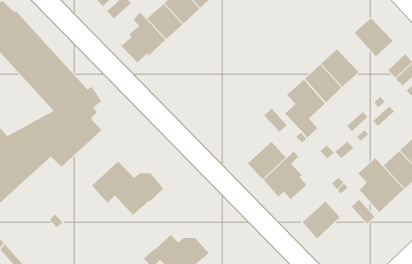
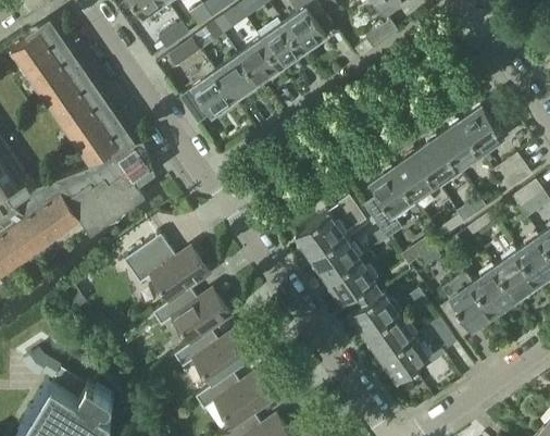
building: none -> [437,122,482,170]
building: none -> [297,214,345,260]
building: none -> [351,292,399,338]
building: none -> [152,289,232,346]
building: none -> [383,338,430,383]

